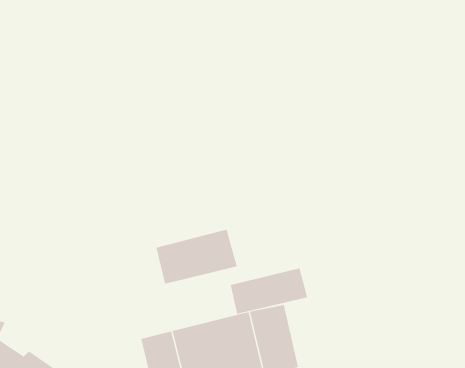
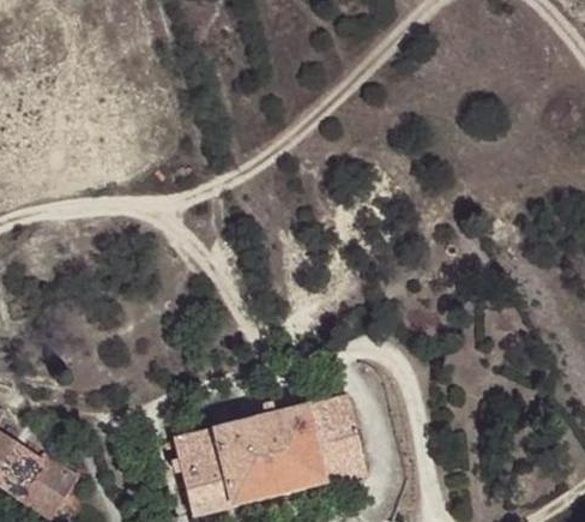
building: [156,229,237,285] -> none
building: [230,268,308,314] -> none

